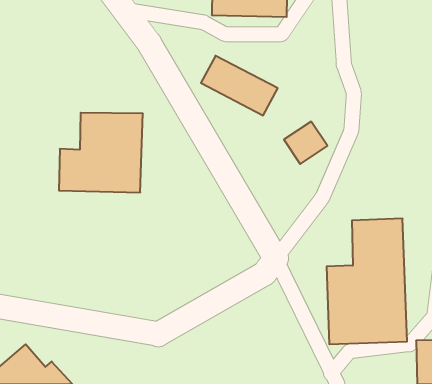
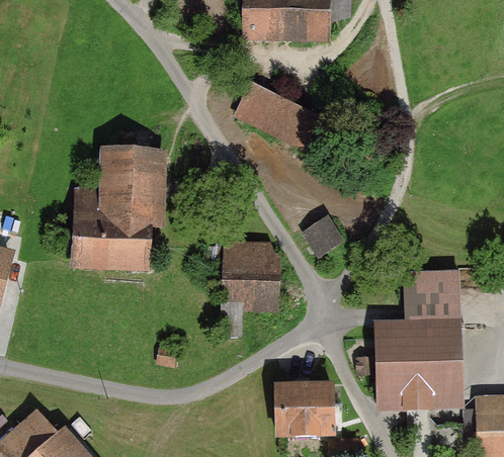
building: [284,122,327,164] -> [297,213,345,261]
building: none -> [74,241,149,270]
building: none -> [220,245,276,309]
building: none -> [275,380,339,437]

